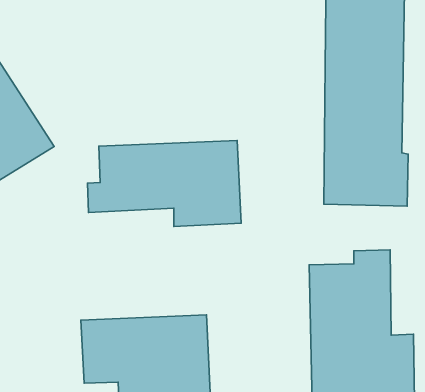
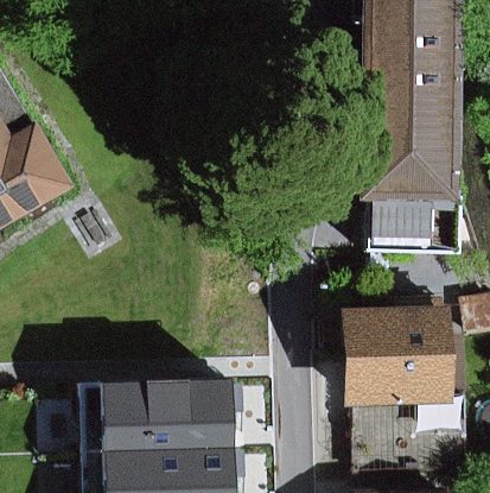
building: [88,140,241,226] -> none

